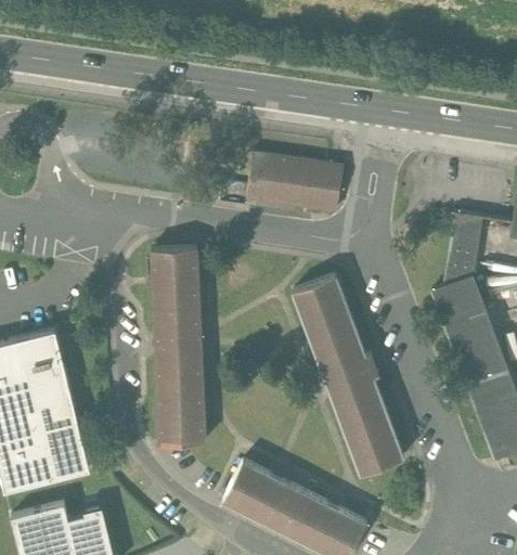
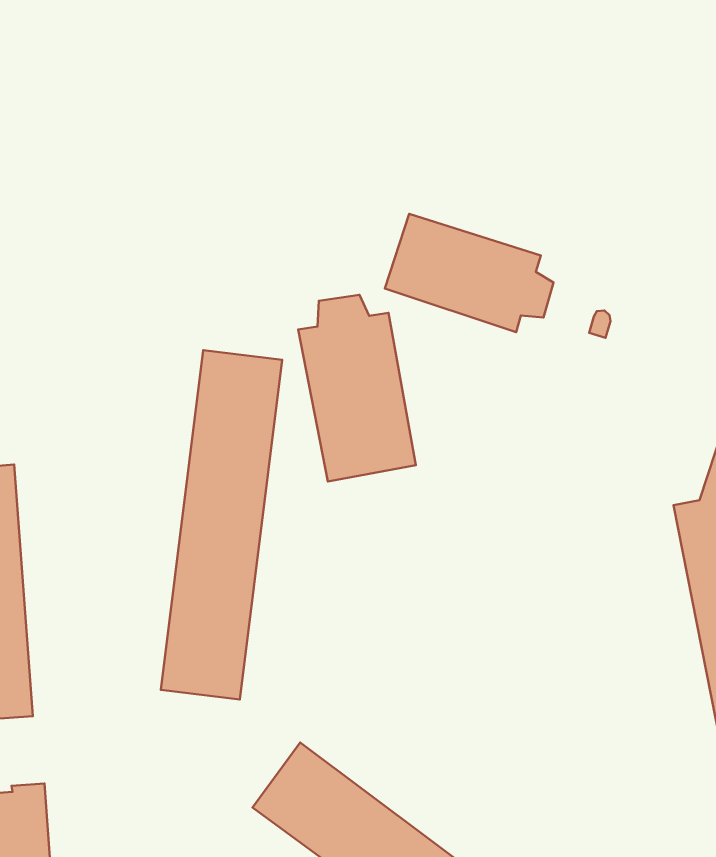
building: none -> [298,295,416,482]
building: [294,275,404,475] -> none

